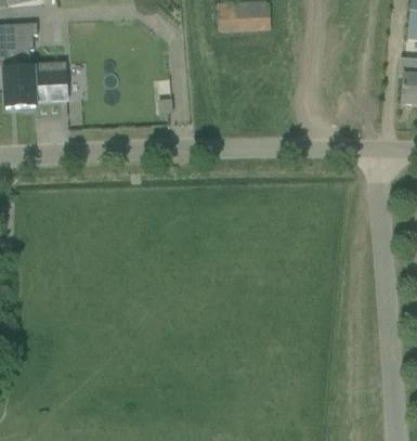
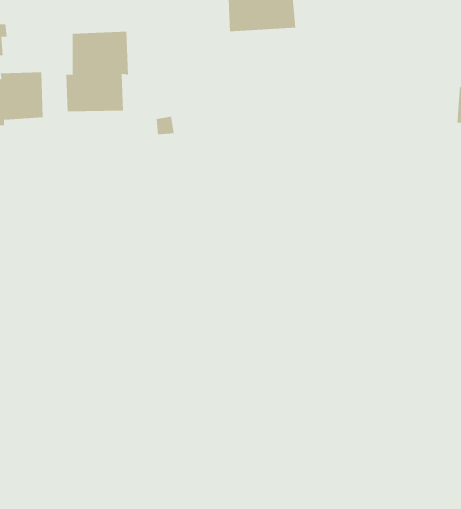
building: none -> [66,31,129,112]

